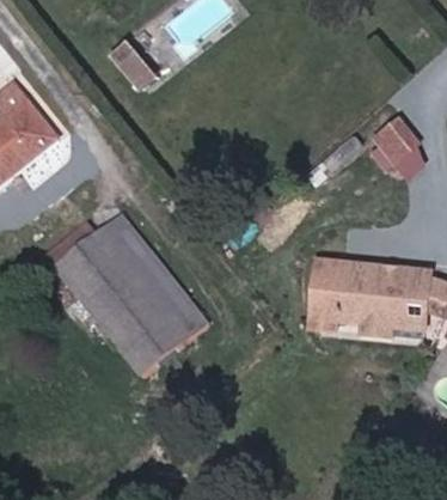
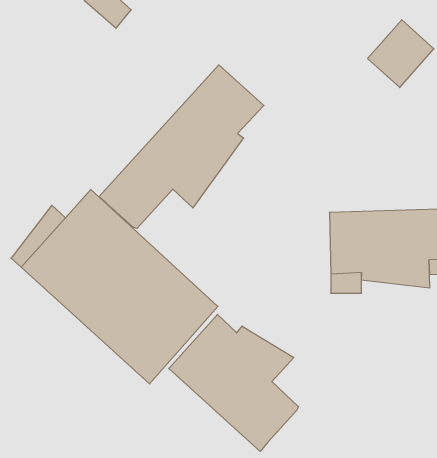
building: none -> [99,65,264,228]
building: none -> [169,314,299,451]

